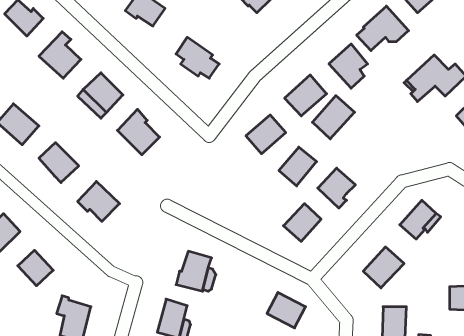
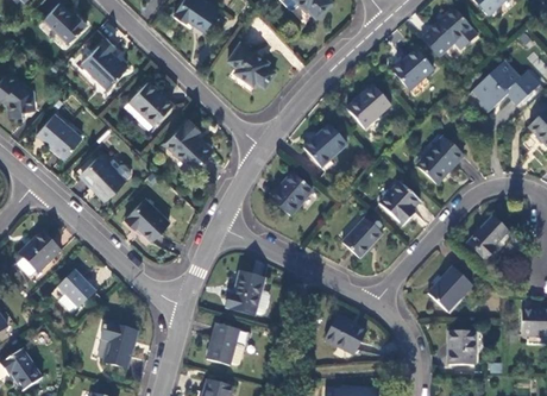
building: [312,96,355,139] -> [419,137,464,183]
building: [279,147,317,186] -> [271,174,312,215]

